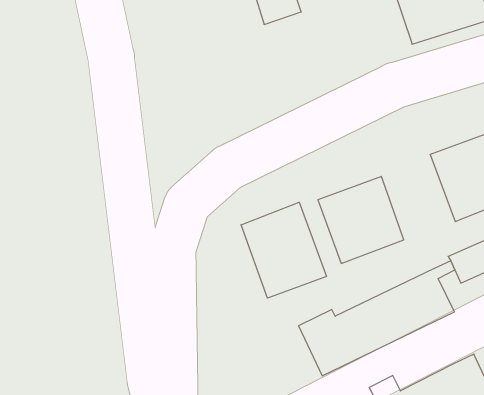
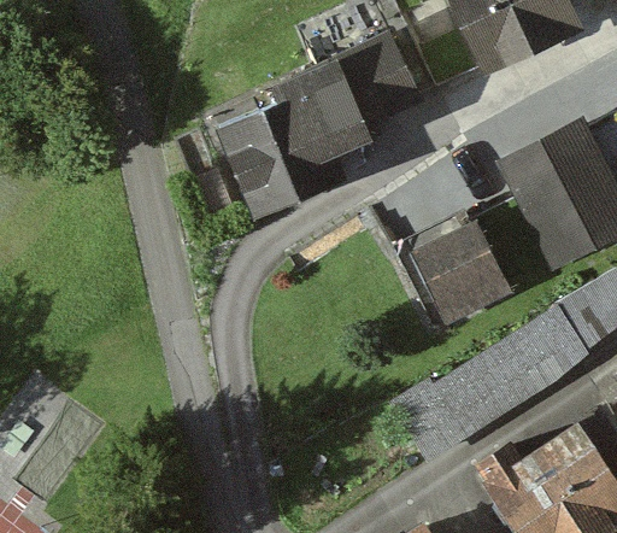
building: none -> [223,35,421,210]
building: [241,202,326,298] -> none

